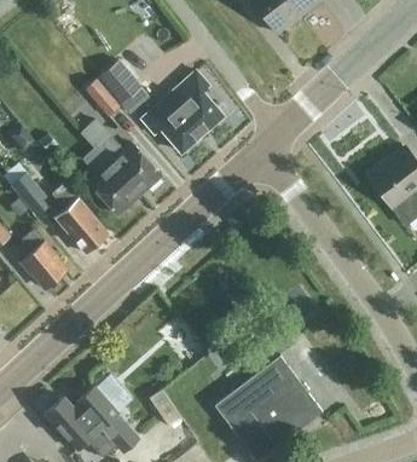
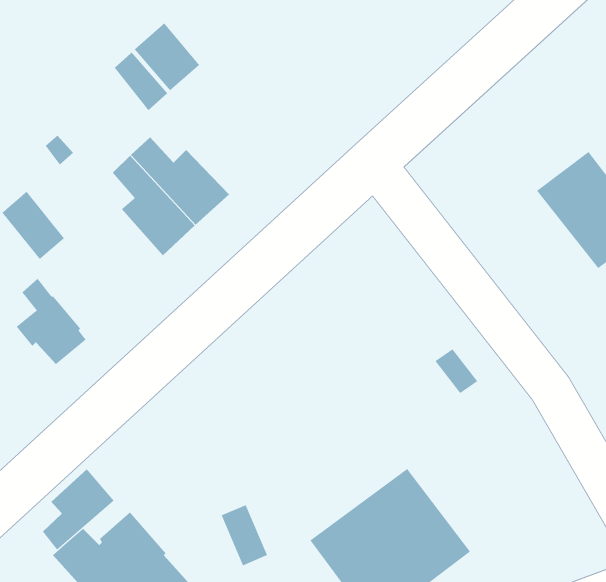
building: [140,71,224,154] -> none
building: [54,198,109,254] -> none
building: none -> [42,469,114,550]

